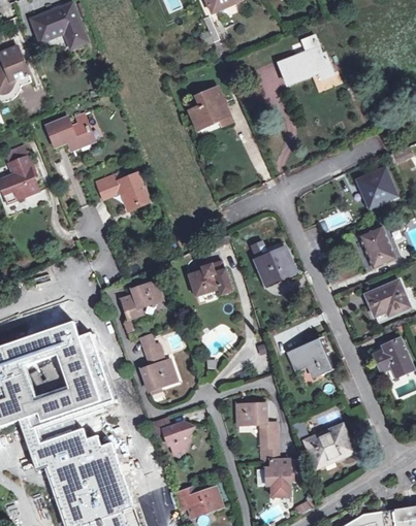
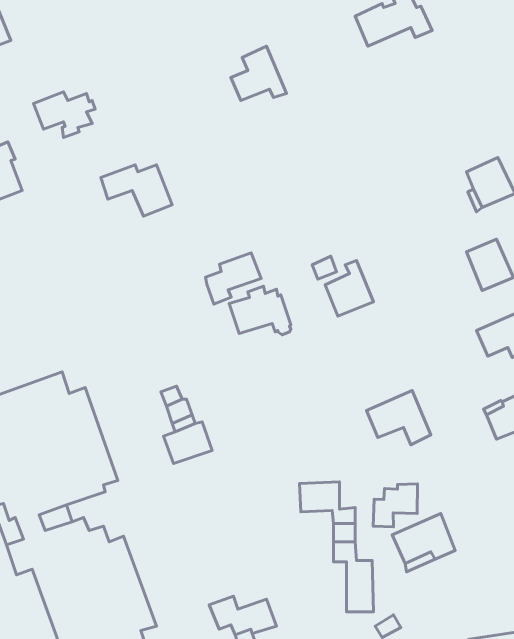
building: [120,281,160,318] -> [205,253,261,304]
building: none -> [373,484,417,527]
building: [150,414,193,454] -> none

